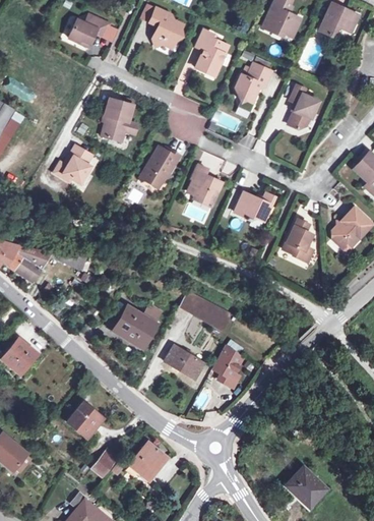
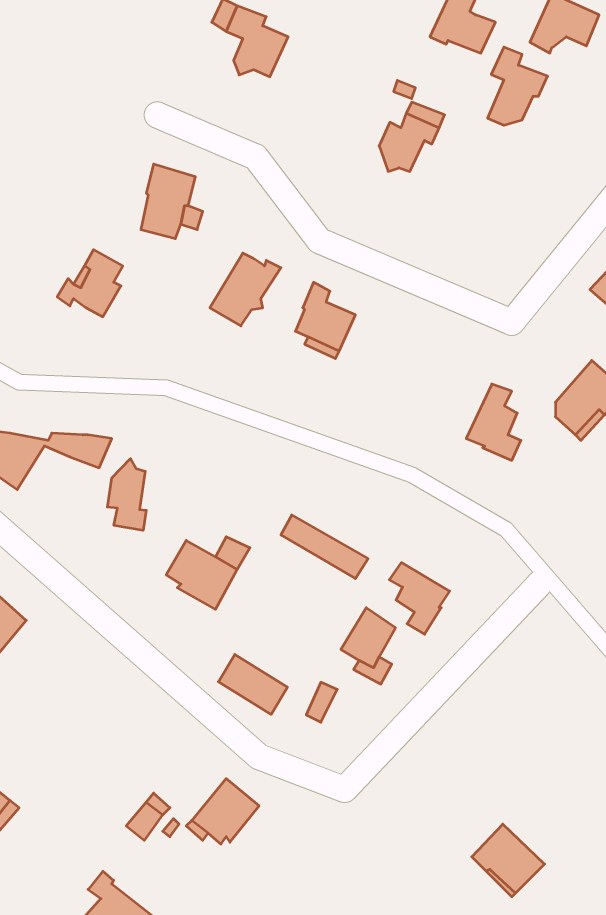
building: [69,14,109,43] -> none
building: [195,31,228,72] -> none
building: [286,82,319,126] -> [488,47,548,125]
building: [235,191,273,221] -> none
building: none -> [107,459,146,530]
building: none -> [389,563,450,634]
building: [166,346,204,380] -> [218,654,287,714]
building: [68,403,101,438] -> none

